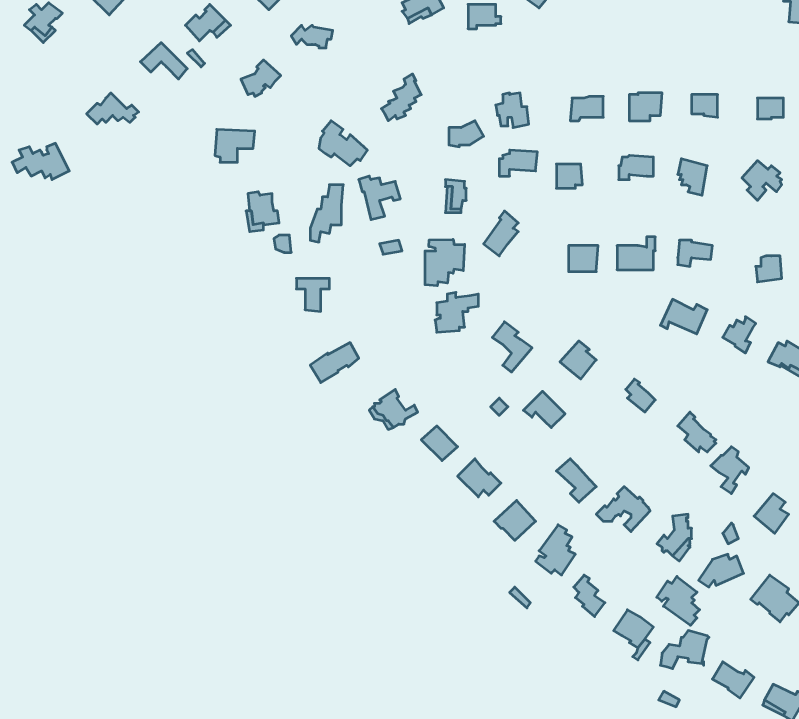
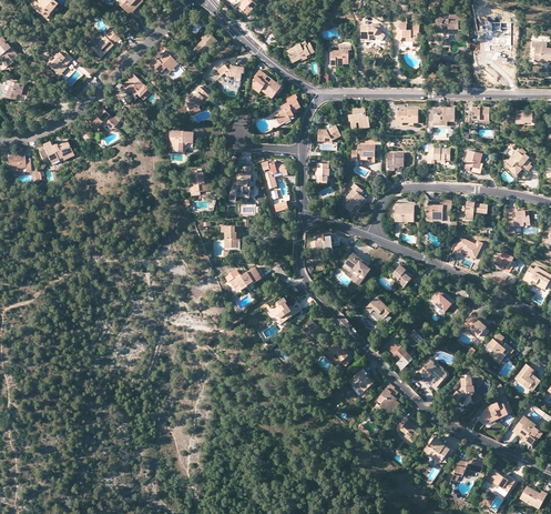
building: [319,121,367,166] -> [252,69,283,98]
building: [425,239,465,286] -> none
building: [657,576,700,625] -> none

